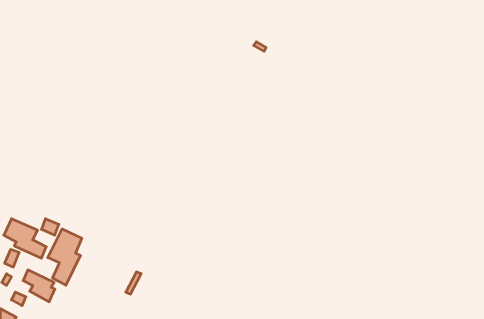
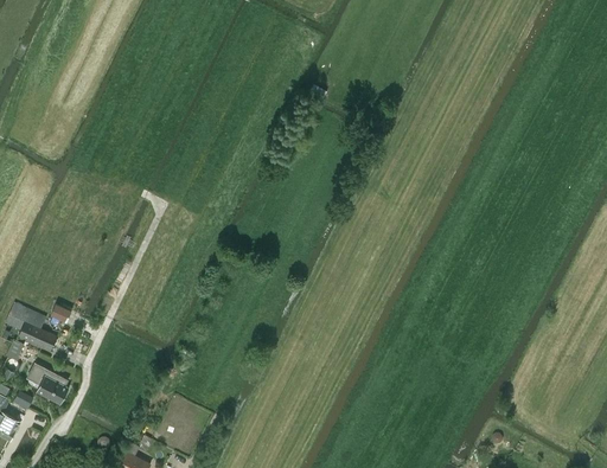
building: [48,229,82,285] -> none

